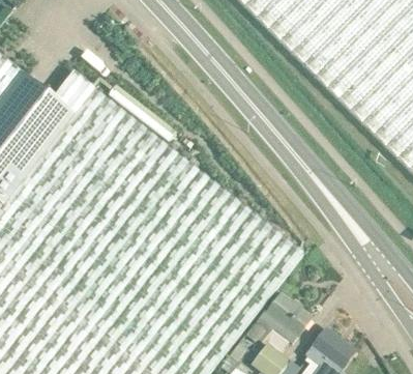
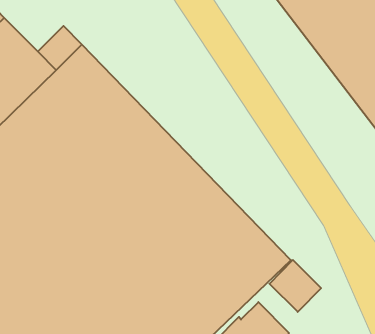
building: none -> [269,260,321,312]

